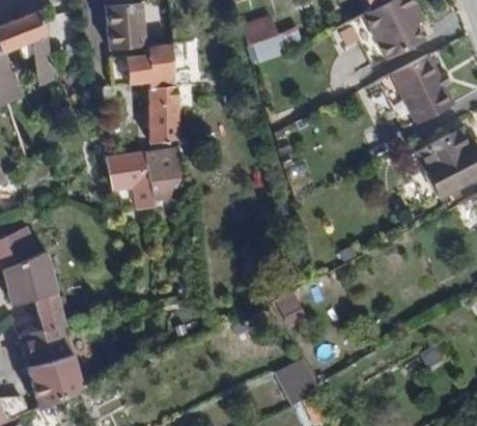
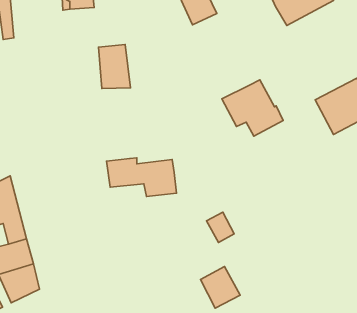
building: [107,41,180,92] -> none
building: [381,55,454,122] -> [222,80,283,136]
building: [109,155,193,202] -> [107,158,177,197]

